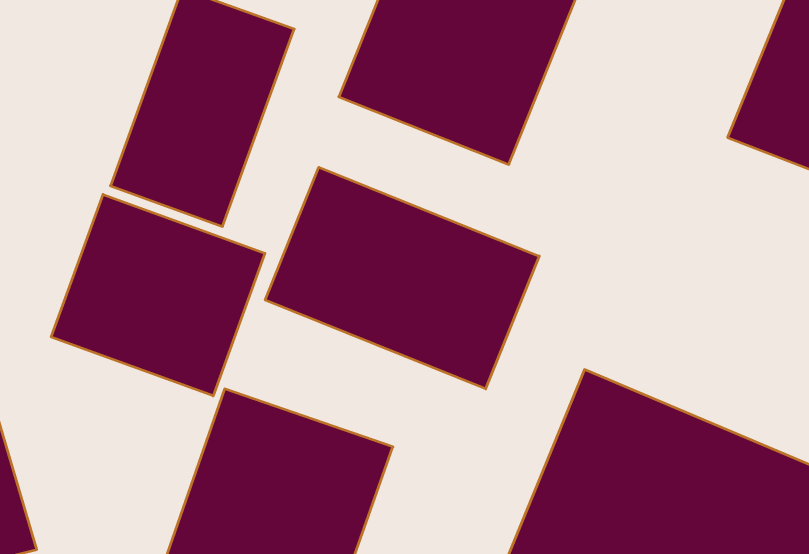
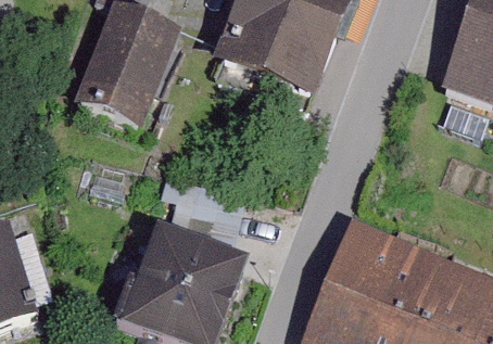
building: [265,167,539,389] -> none
building: [51,194,265,396] -> none

